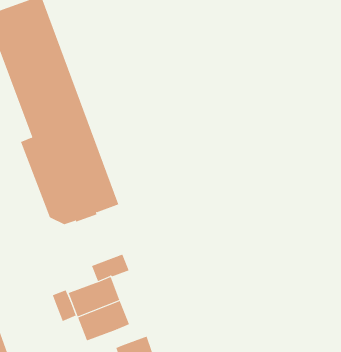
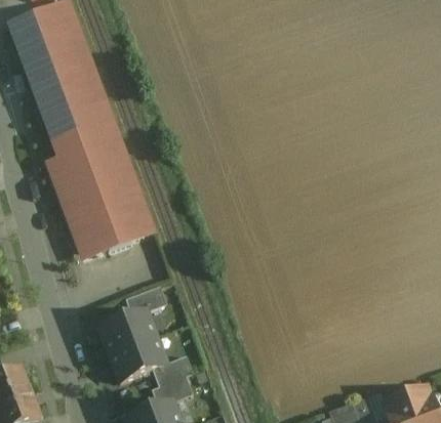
building: [52,289,77,322] -> none
building: none -> [152,354,193,385]

